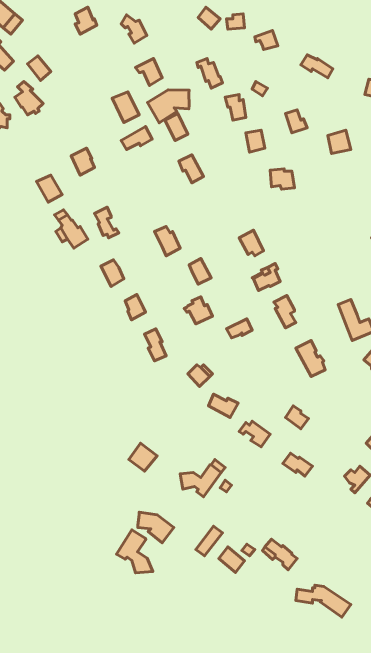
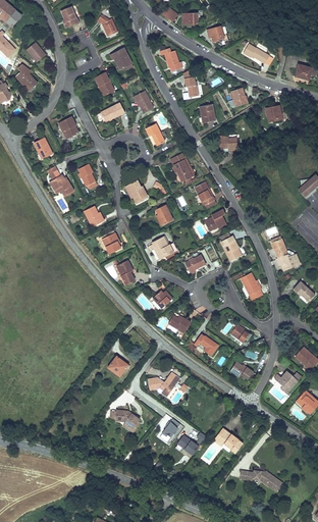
building: [147,90,189,123] -> none
building: none -> [170,153,197,186]
building: [116,530,153,573] -> none

